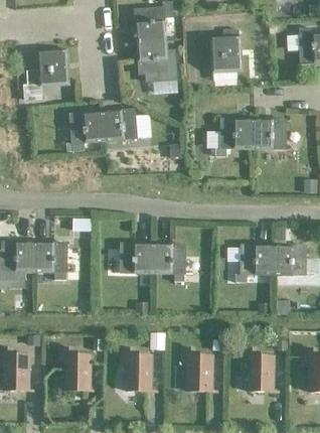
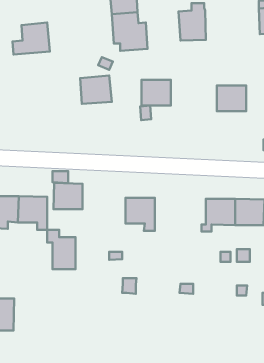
building: [69,112,104,151] -> none
building: [220,120,253,148] -> [141,80,171,106]
building: [120,243,152,272] -> [53,183,83,209]
building: [58,346,90,390] -> [47,230,75,269]
building: [120,347,151,391] -> none
building: [180,347,212,391] -> none
building: [242,347,273,391] -> none

